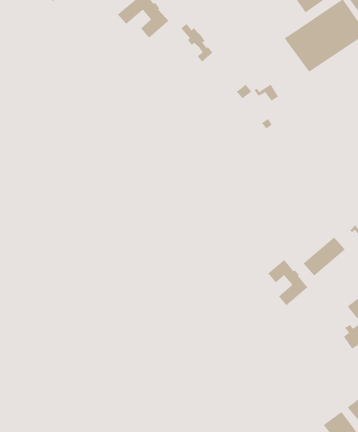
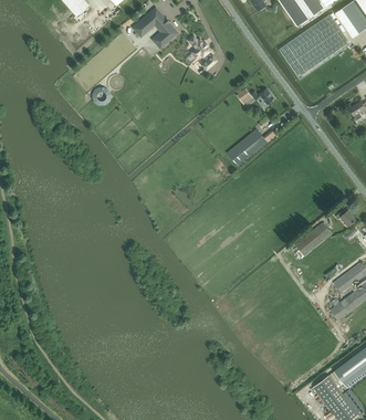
building: none -> [228,127,269,165]
building: [267,259,308,306] -> none

